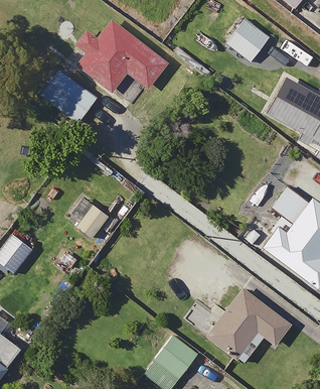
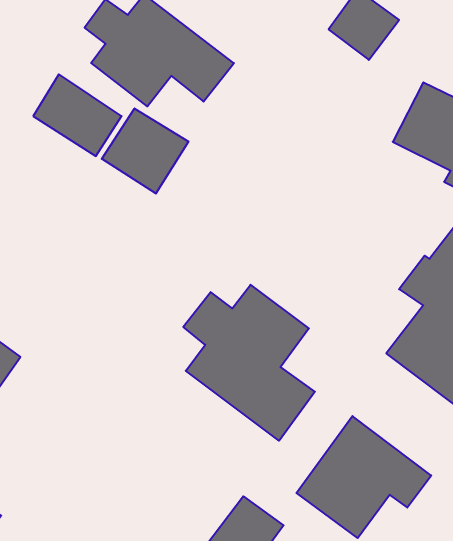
building: none -> [102,108,188,194]
building: [67,194,111,237] -> none
building: none -> [183,285,315,441]

